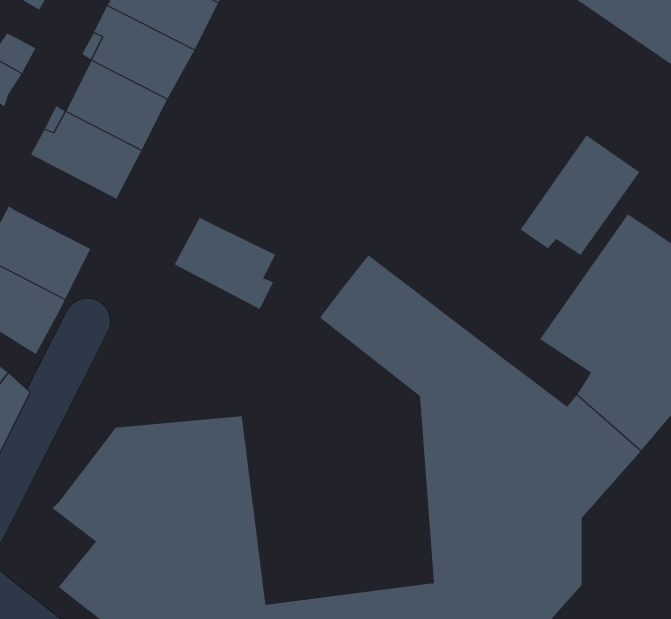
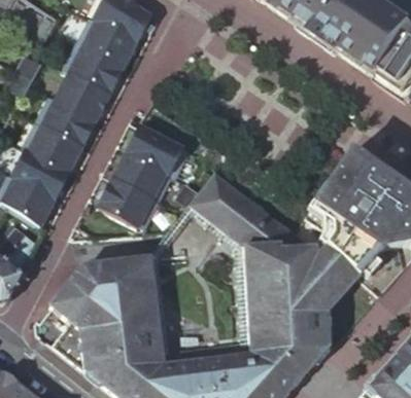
building: [520,134,640,256] -> none
building: none -> [30,119,83,169]
building: none -> [127,124,187,177]
building: none -> [99,177,159,226]

